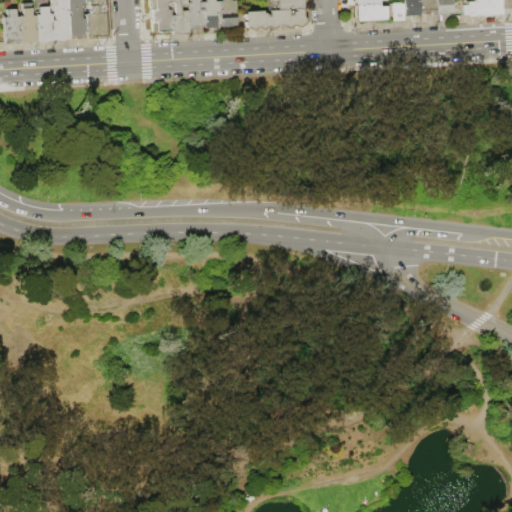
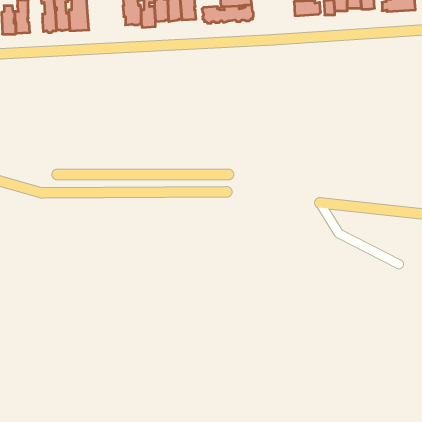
building: [37,4,55,40] -> none

